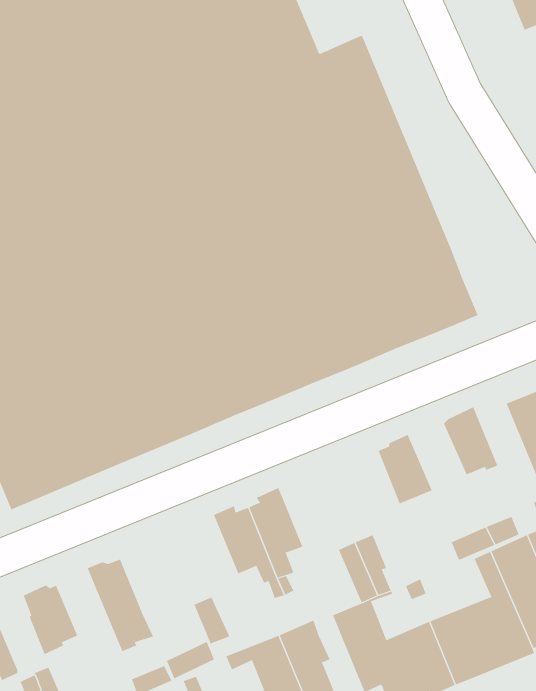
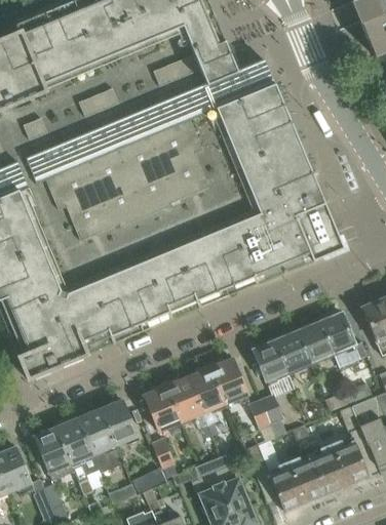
building: none -> [296,320,335,365]
building: none -> [252,337,290,385]
building: none -> [208,357,249,404]
building: none -> [144,381,181,431]
building: none -> [102,400,141,448]
building: none -> [59,417,94,494]

